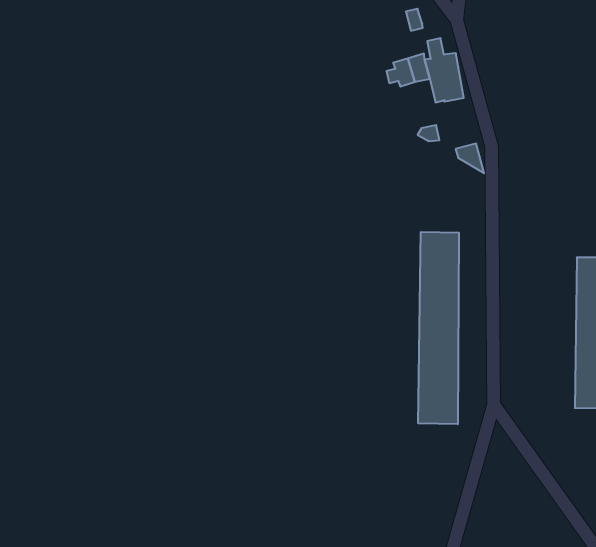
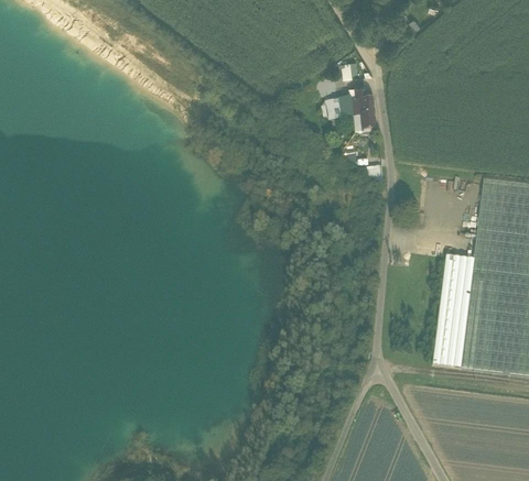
building: [418,232,459,424] -> none

